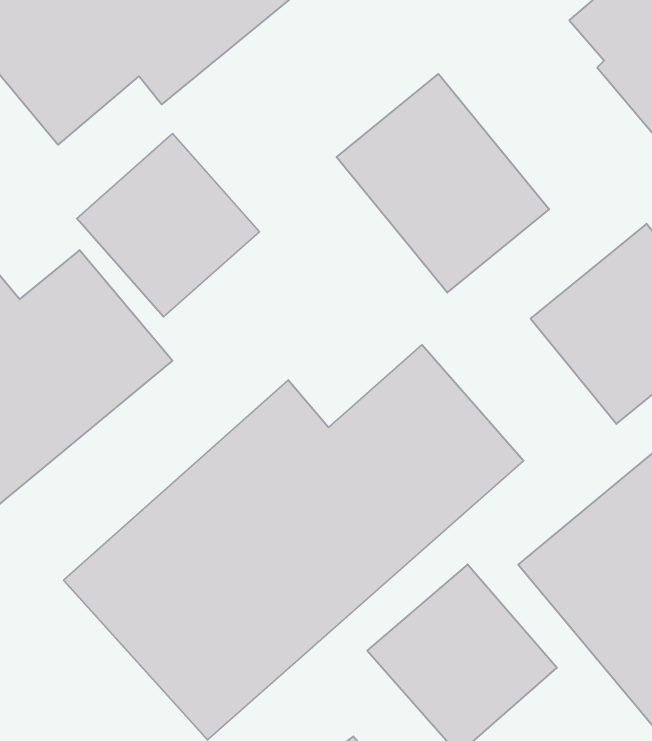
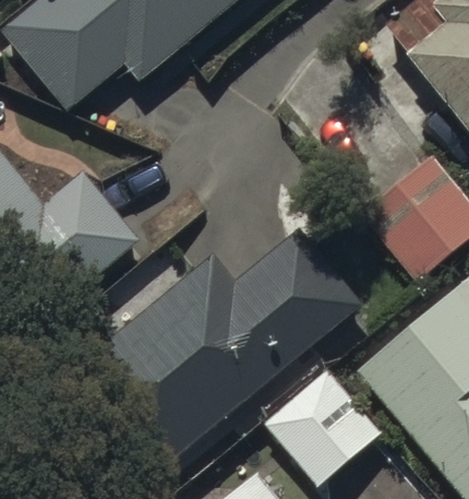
building: [337,74,549,293] -> none
building: [77,134,259,317] -> none

